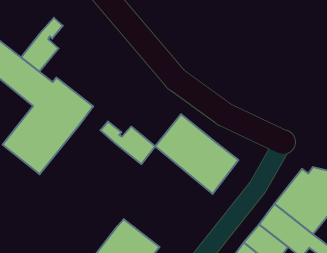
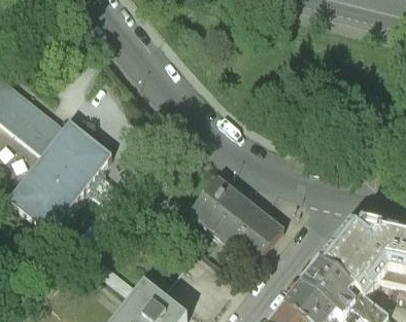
building: [21,18,63,71] -> none
building: [100,121,155,164] -> none

